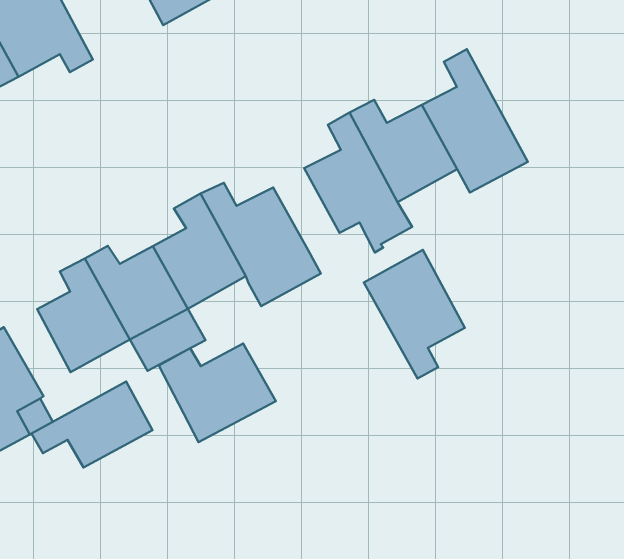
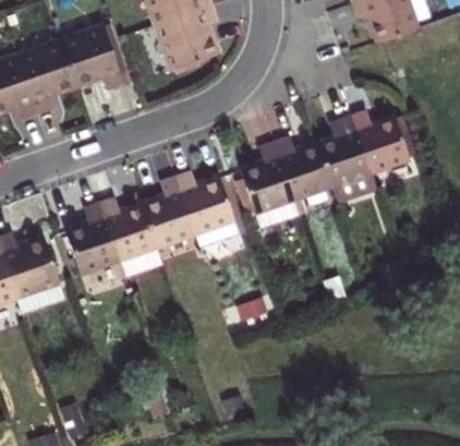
building: none -> [351,108,410,171]
building: [364,250,465,379] -> none
building: [159,343,276,442] -> none
building: [31,381,152,468] -> none

